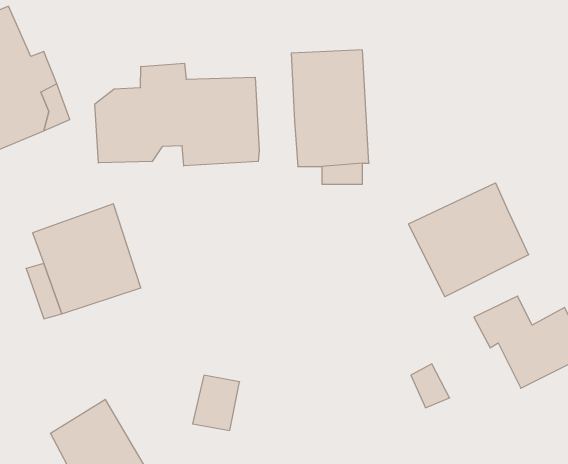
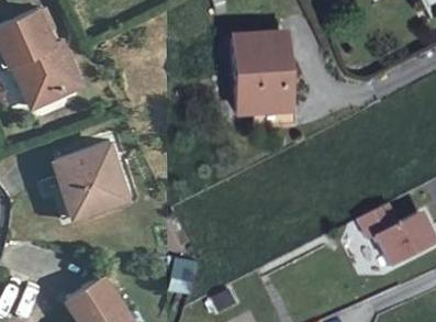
building: [95,63,259,166] -> none
building: [408,183,528,297] -> none

